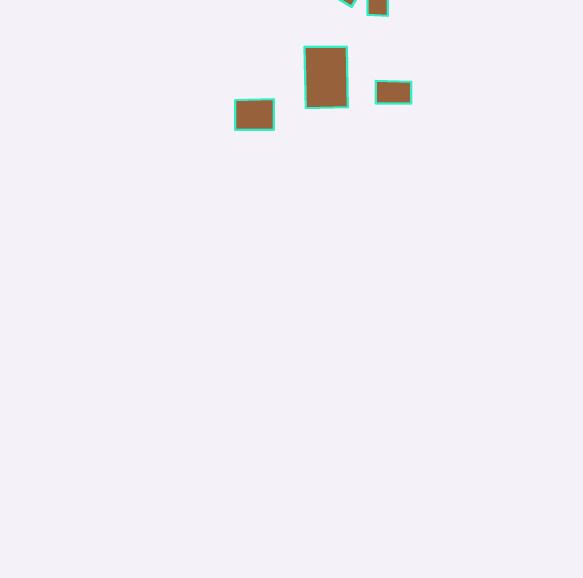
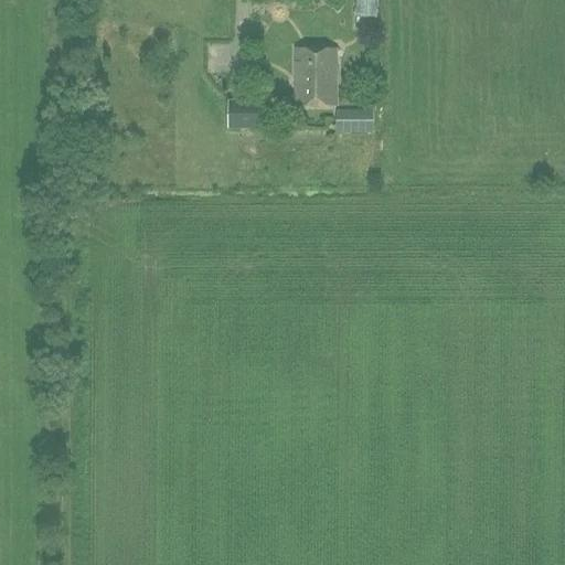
building: [376,81,411,104] -> [338,107,372,129]

